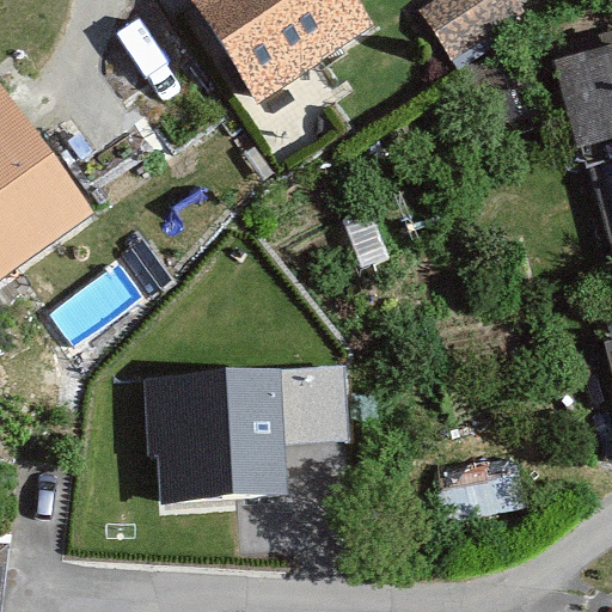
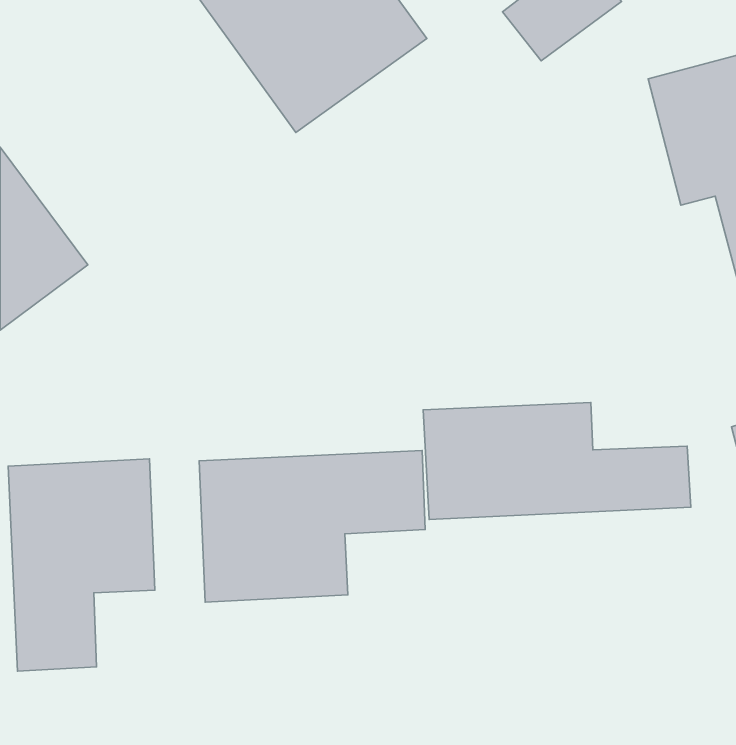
building: none -> [423,403,691,519]
building: none -> [8,459,155,671]

